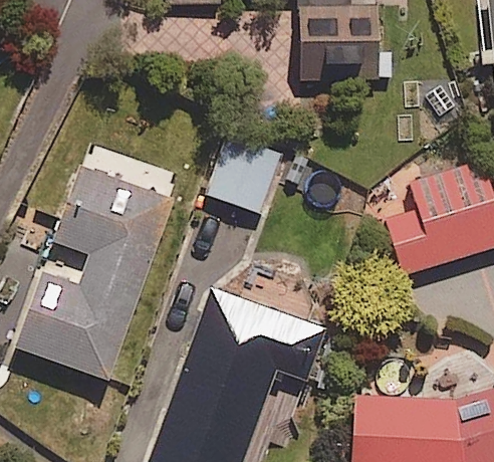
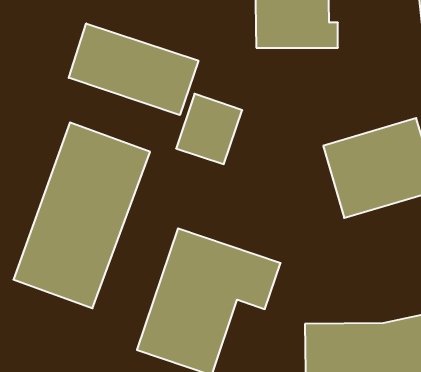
building: none -> [69,23,198,115]

